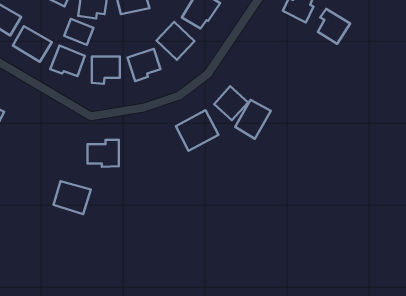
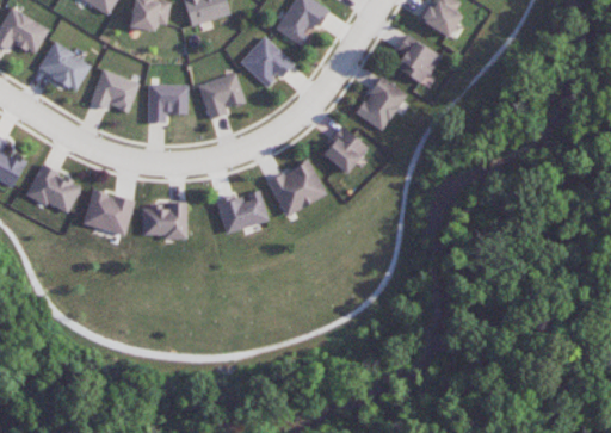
building: [318,9,350,44] -> [394,36,439,85]
building: [64,19,94,45] -> none
building: [235,100,271,139] -> [356,76,406,131]
building: none -> [26,167,80,212]
building: none -> [216,190,267,233]
building: [54,181,91,214] -> [82,190,135,236]

